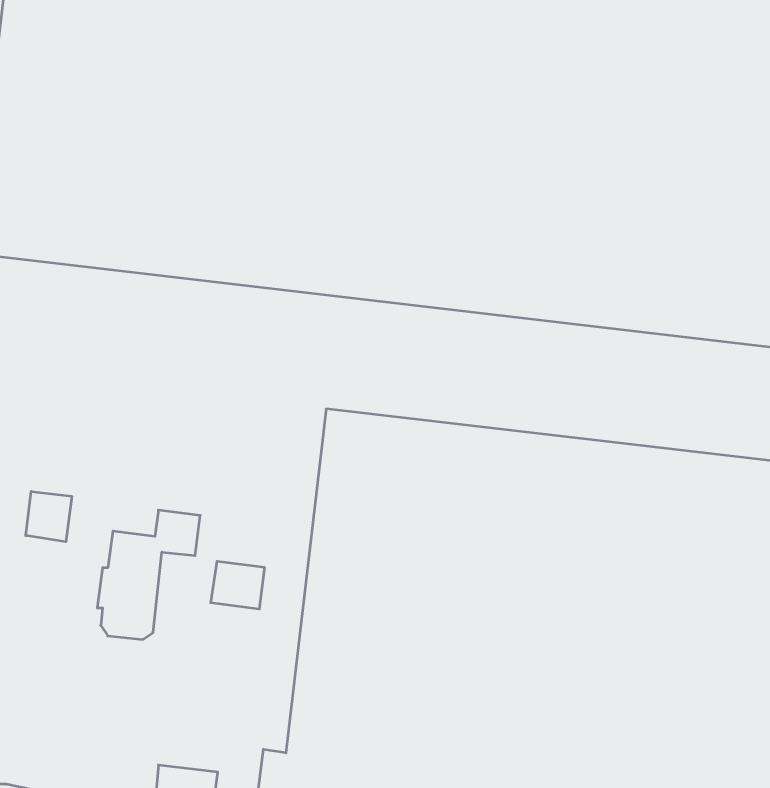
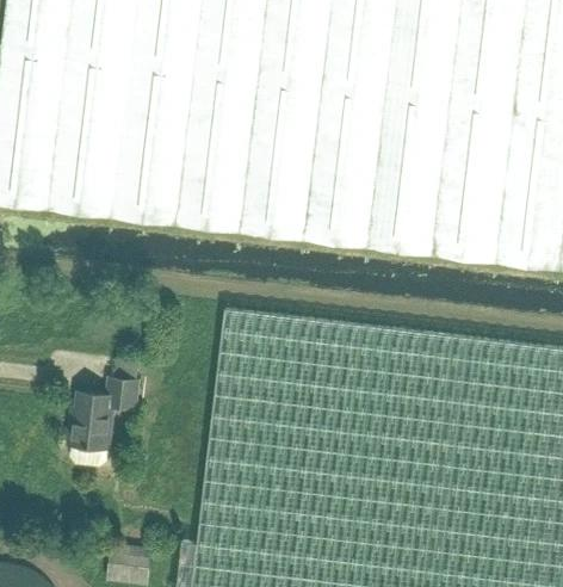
building: [26,491,72,542] -> none
building: [211,561,264,609] -> none

